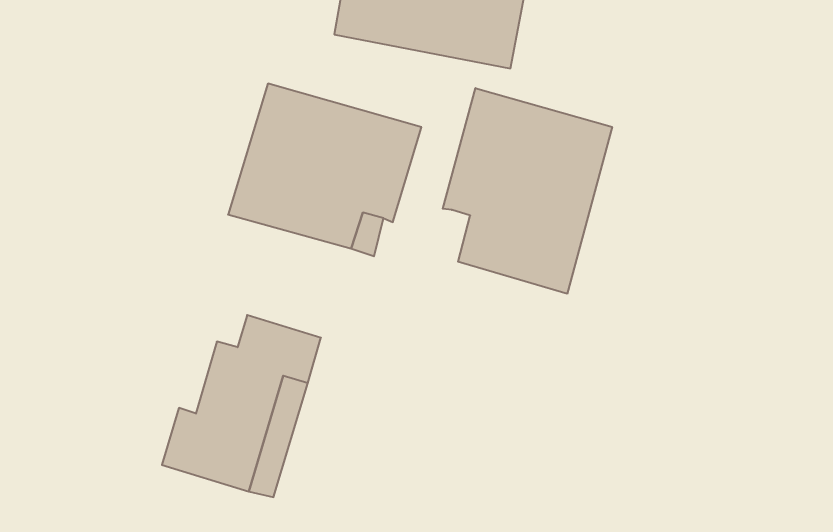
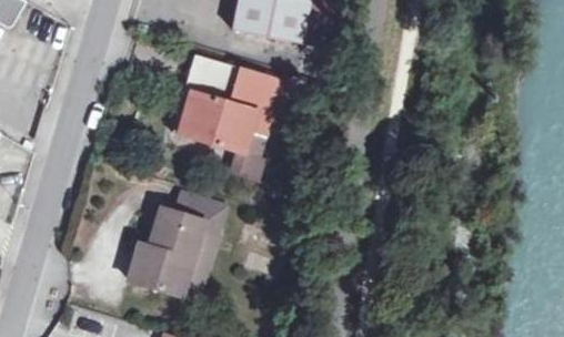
building: [443,88,612,294] -> none

